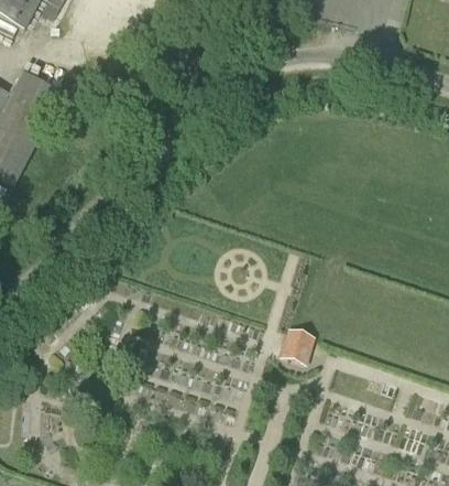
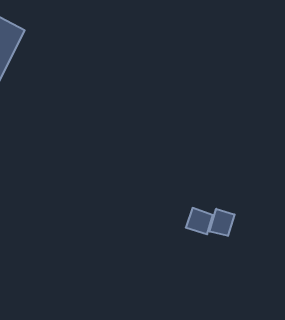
building: none -> [210,209,235,236]

